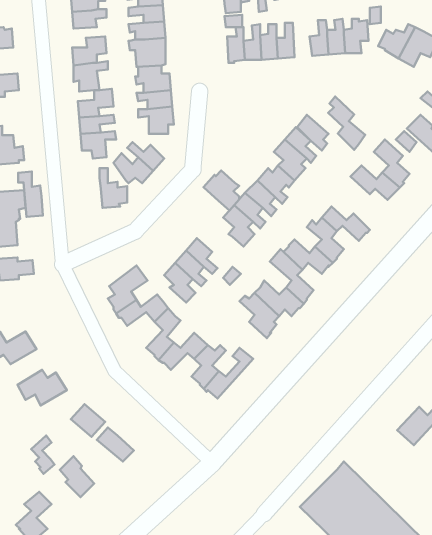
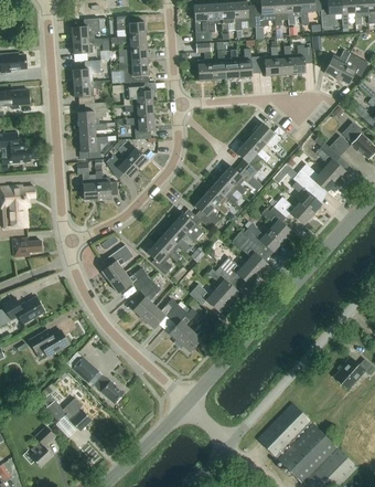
building: [328,97,365,150] -> [291,172,321,215]
building: [203,171,239,210] -> [173,209,202,241]
building: [18,172,43,217] -> [77,162,97,199]
building: none -> [189,284,229,311]

